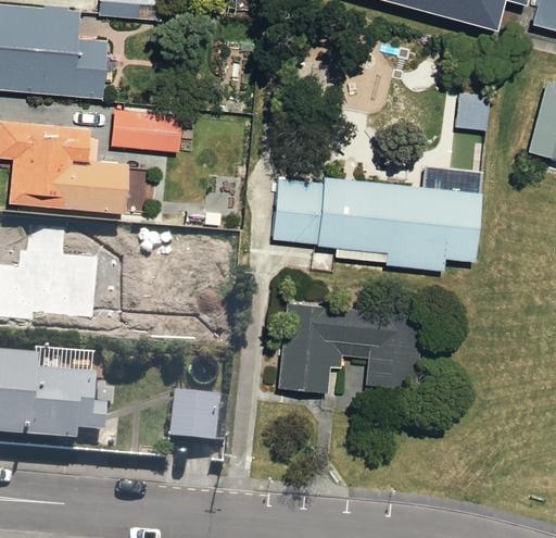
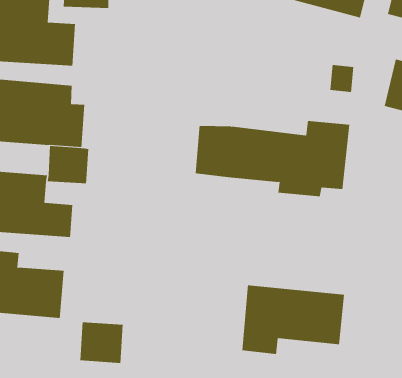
building: [104,104,184,152] -> none
building: [273,299,413,393] -> [242,285,345,355]
building: [164,385,224,441] -> [79,322,124,364]

